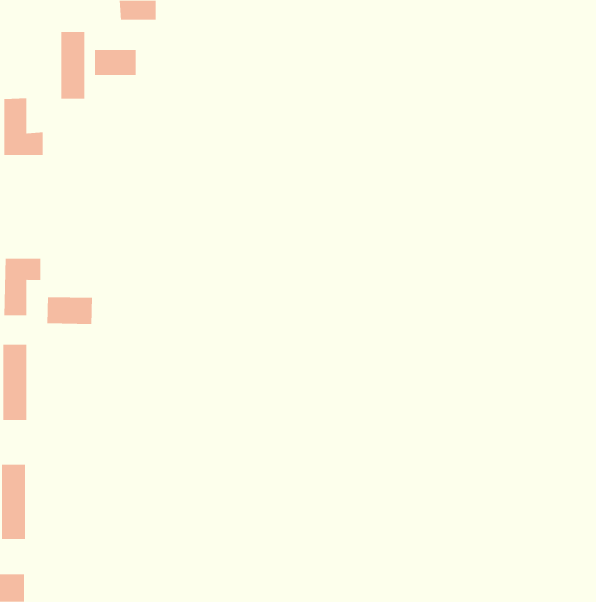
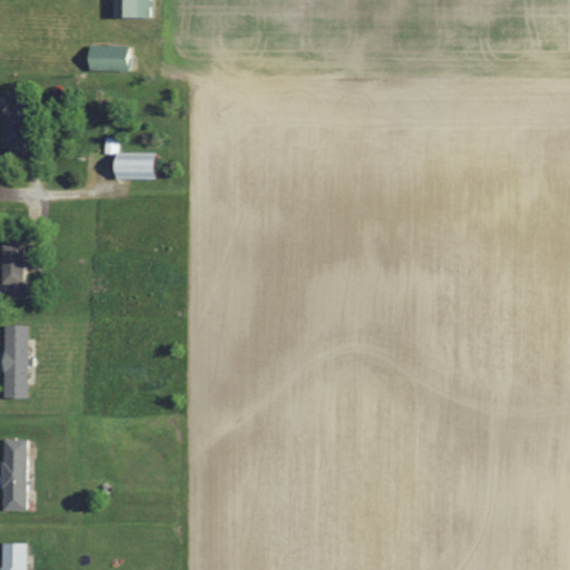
building: [61,31,85,99] -> none
building: none -> [117,151,157,178]
building: [47,296,92,325] -> none

